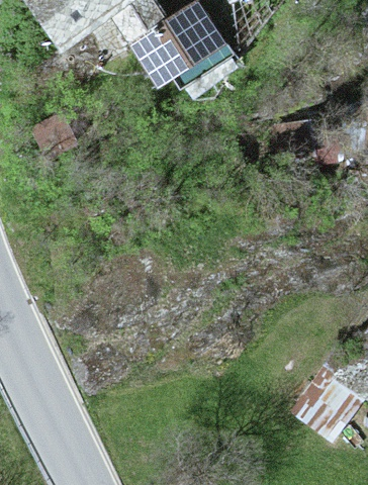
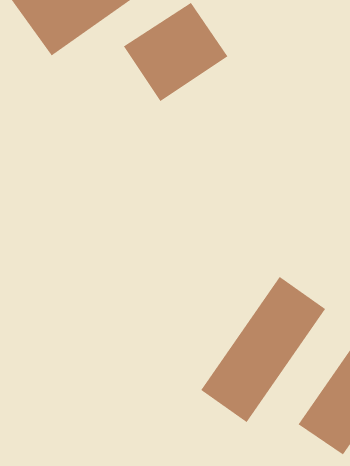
building: none -> [200,276,326,423]

